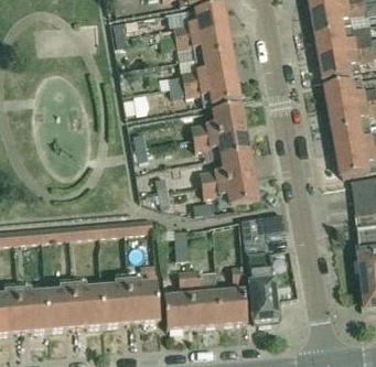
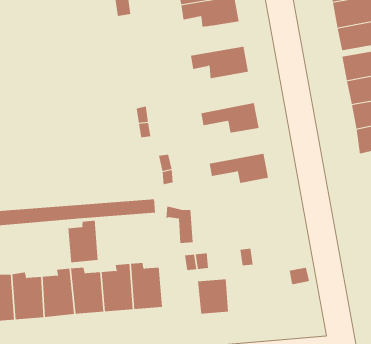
building: [181,52,234,84] -> none
building: [191,105,244,138] -> none
building: [198,152,253,185] -> none
building: [239,213,283,321] -> none
building: none -> [68,220,98,263]
building: [217,291,246,324] -> none
building: [163,295,193,328] -> none

